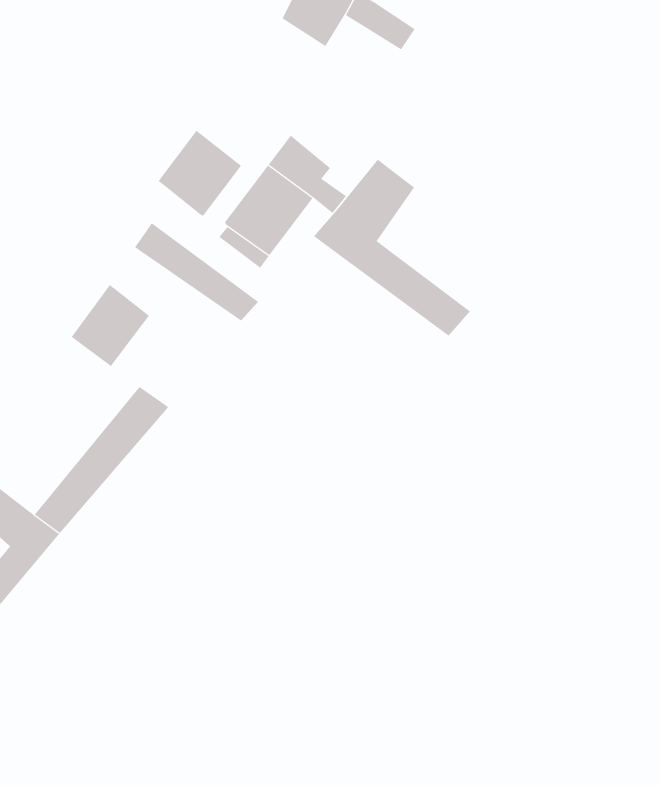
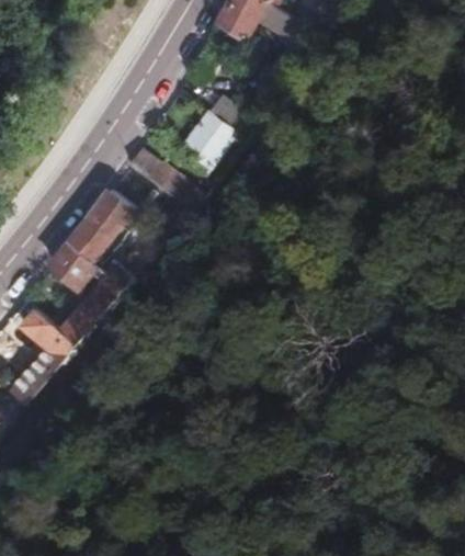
building: [158,130,242,217] -> none
building: [313,159,471,337] -> none
building: none -> [47,219,114,288]

